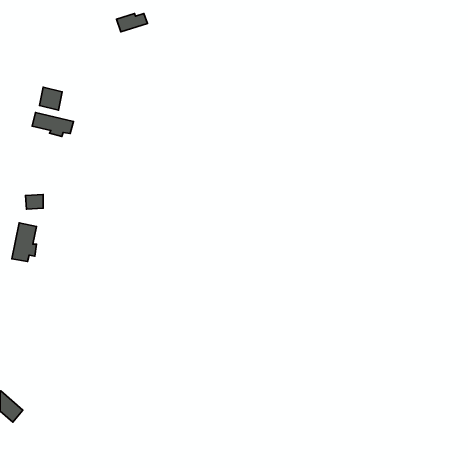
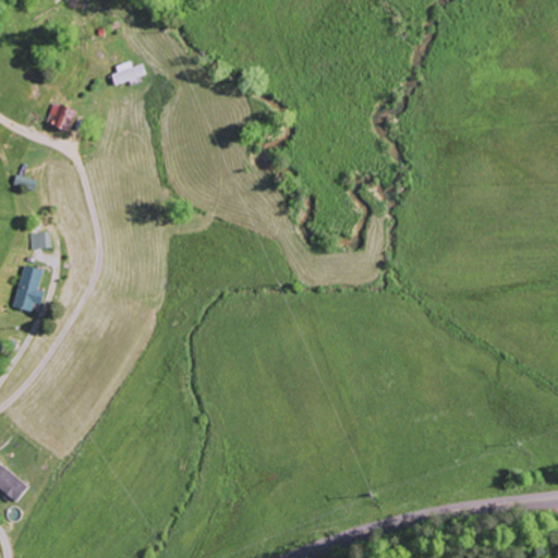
building: [116,14,147,32] -> [109,63,146,85]
building: [32,112,73,137] -> none

